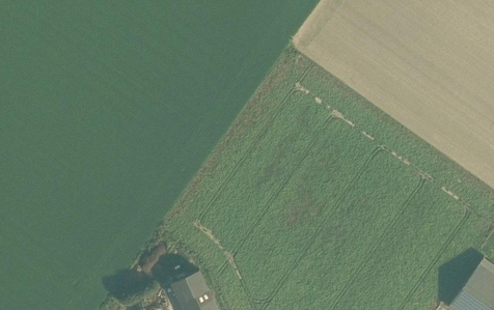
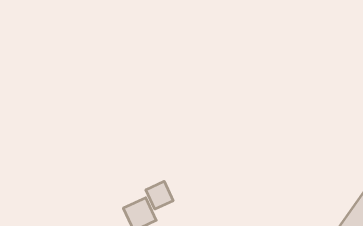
building: none -> [146,181,173,209]

